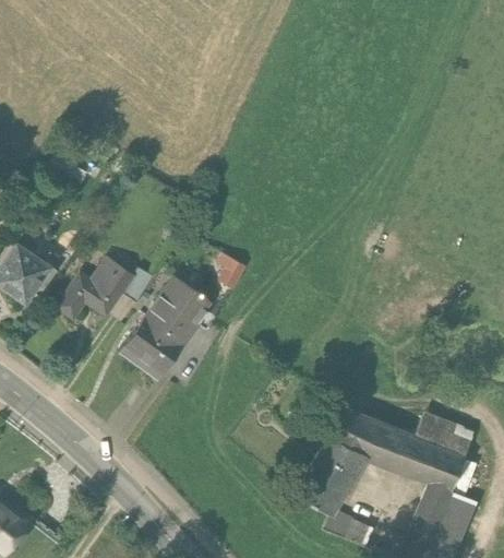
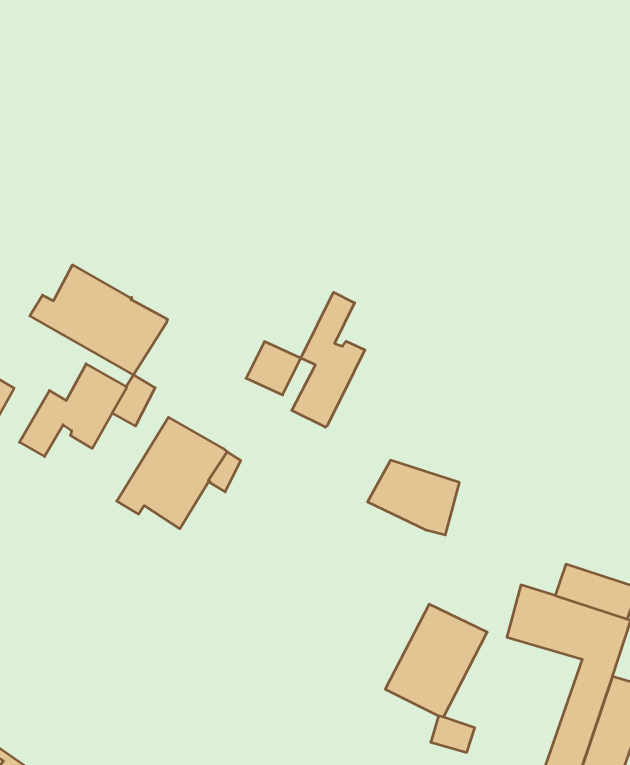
building: none -> [30,265,167,375]
building: none -> [292,292,365,427]
building: [159,277,209,322] -> none
building: [327,411,391,464] -> [368,460,459,535]

